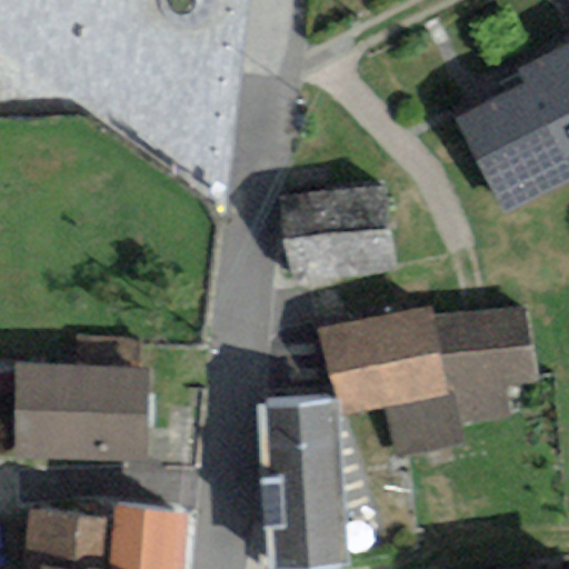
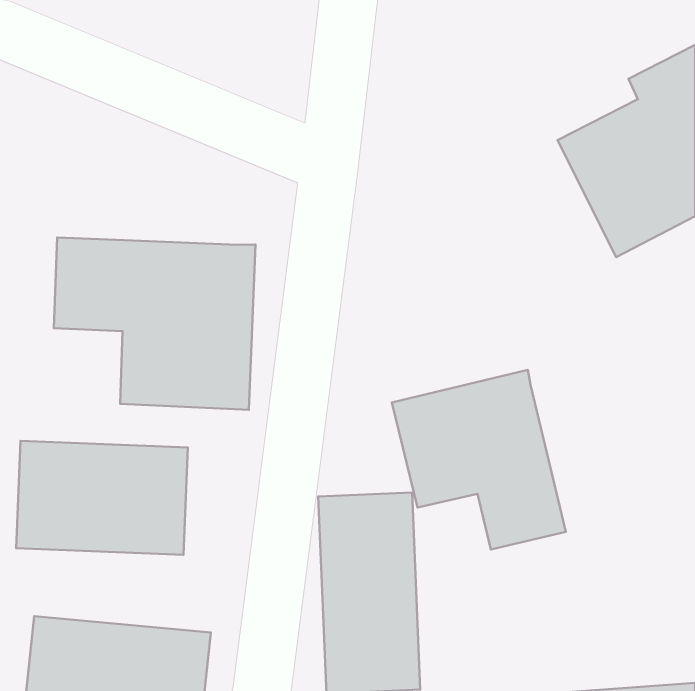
building: [290,193,393,281] -> none
building: none -> [54,237,256,410]
building: [433,308,537,427] -> none

